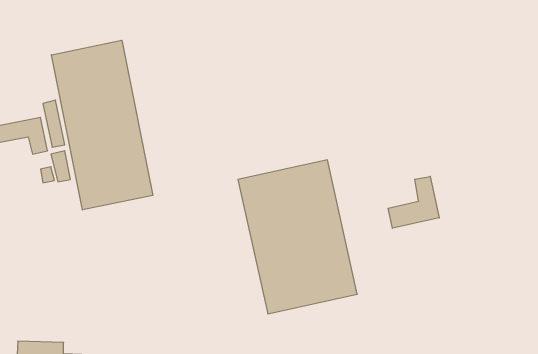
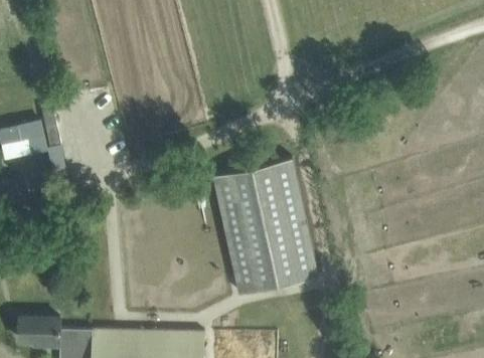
building: [51,40,153,210] -> none
building: [388,176,439,228] -> none

